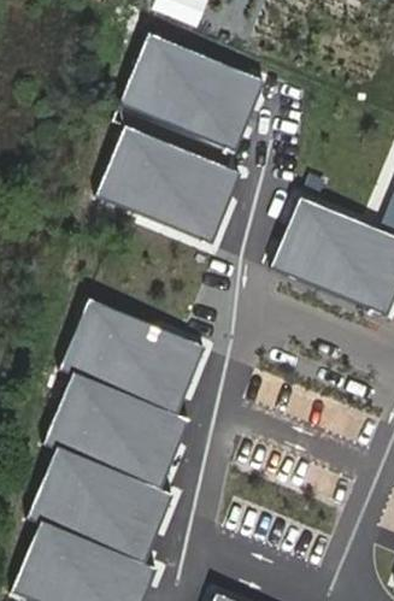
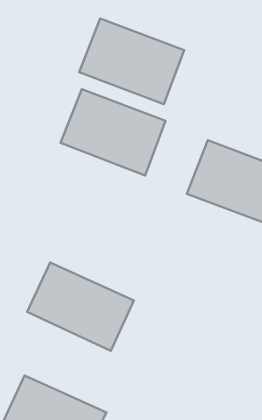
building: [65,285,210,408] -> none
building: [28,438,172,561] -> none

